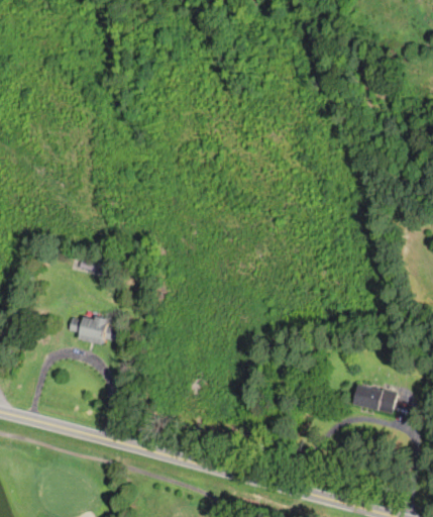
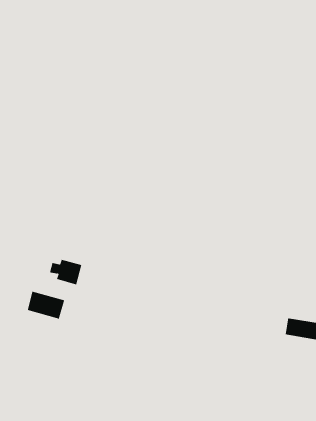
building: none -> [27,291,65,319]

